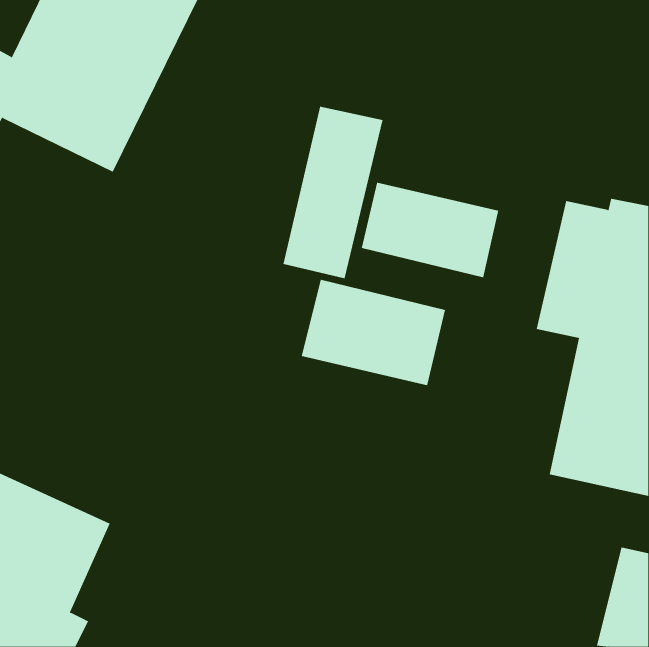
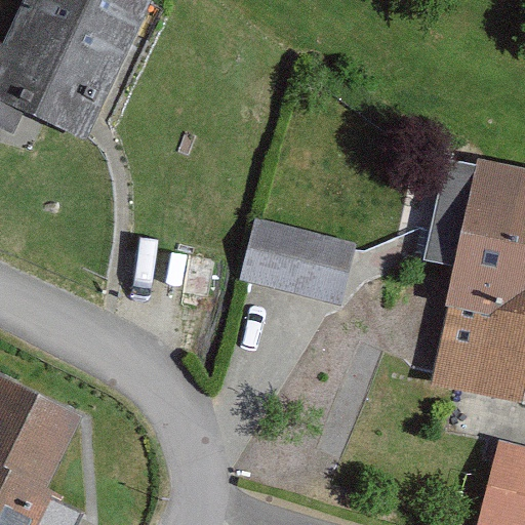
building: [283,106,383,279] -> none
building: [361,182,499,278] -> none

